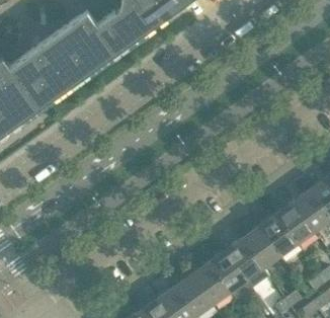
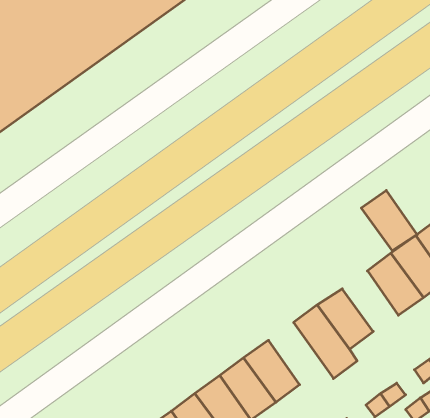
building: [258,215,297,256] -> [361,190,417,251]
building: [208,250,252,301] -> none

